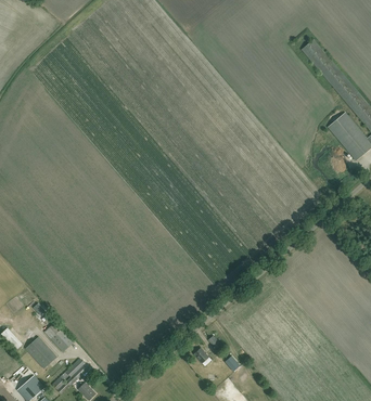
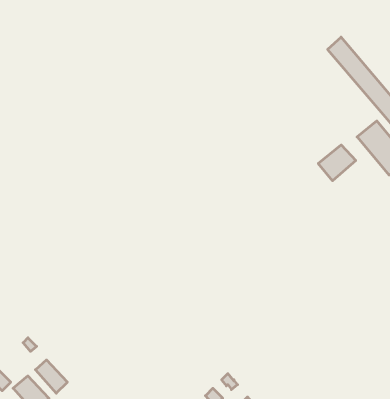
building: none -> [318,145,356,181]

